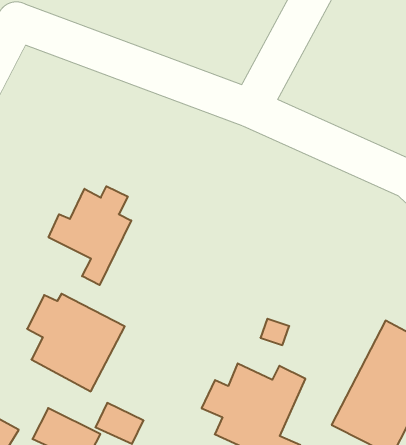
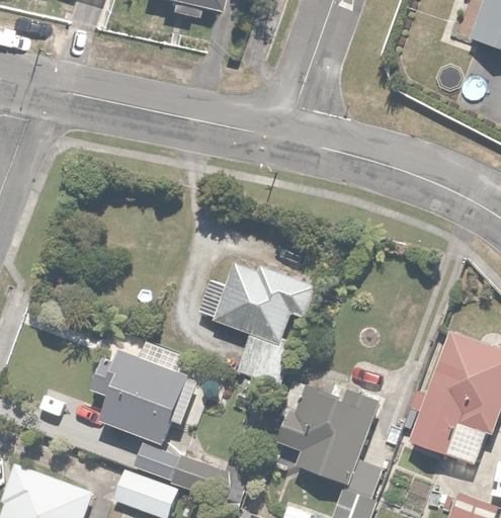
building: [49,186,131,285] -> none
building: none -> [199,259,317,386]

